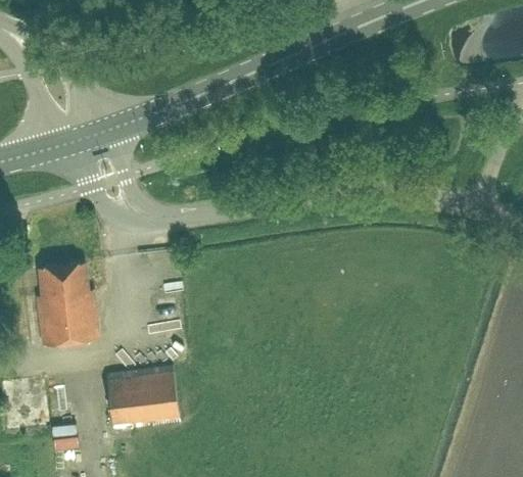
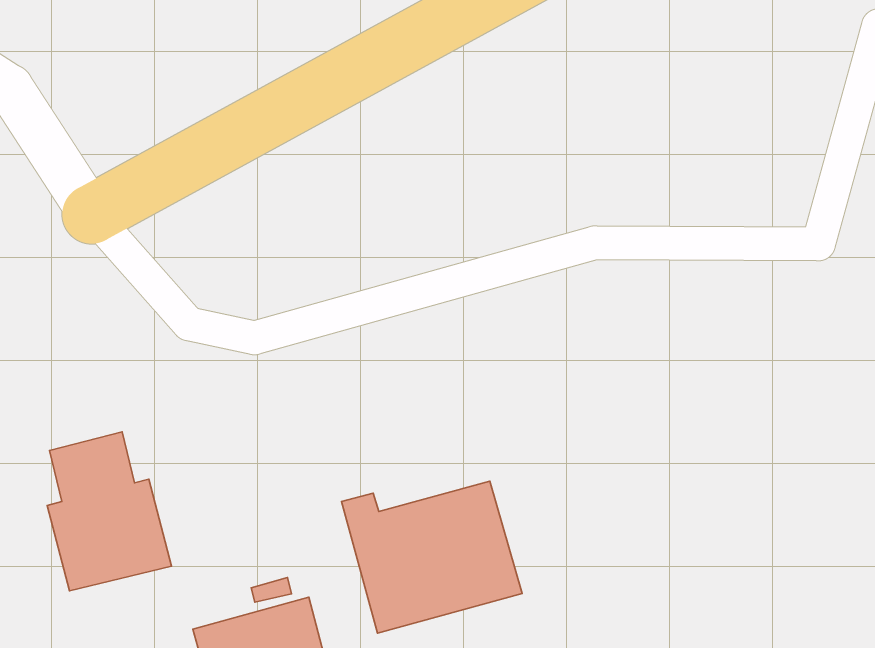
building: none -> [342,481,522,633]

